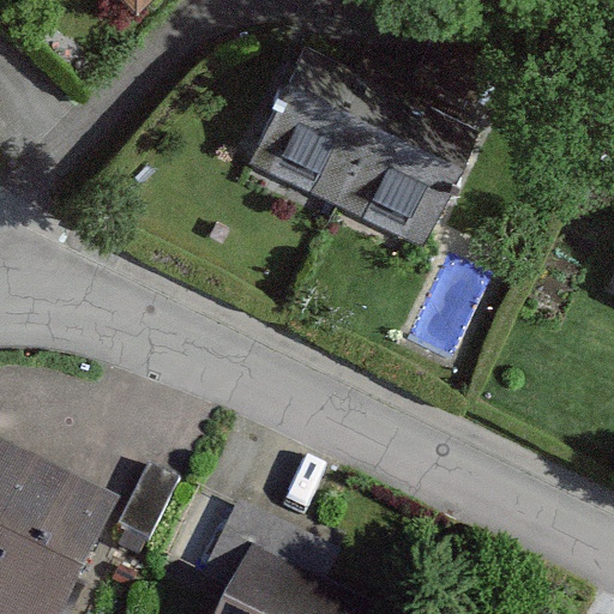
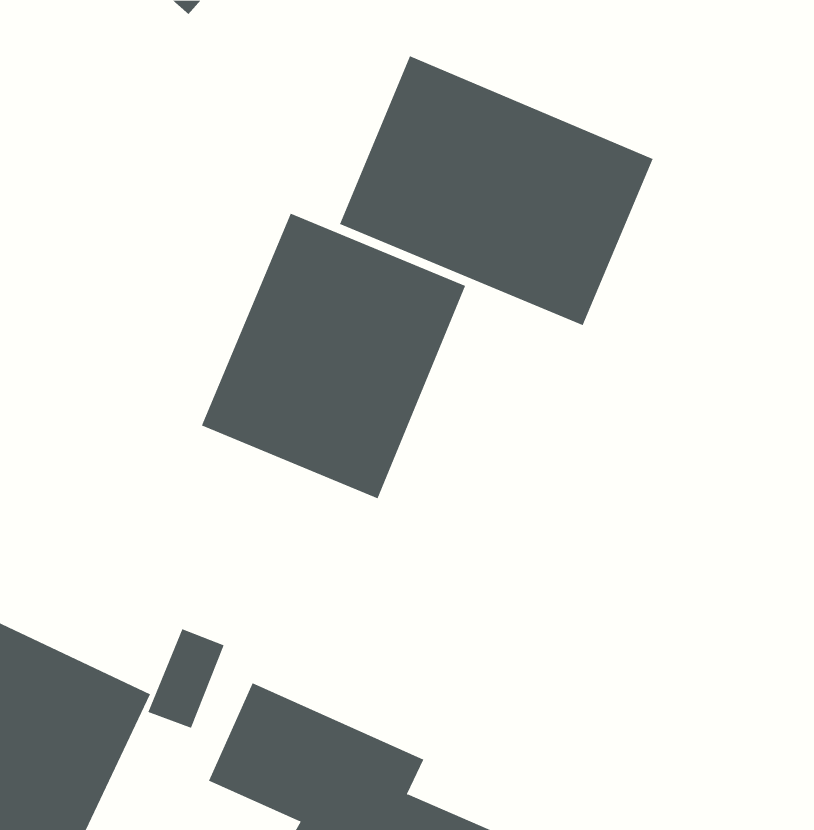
building: none -> [201,213,466,499]

